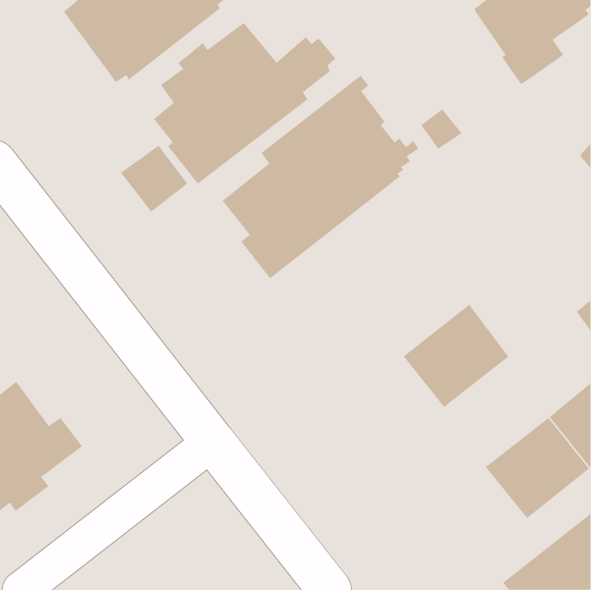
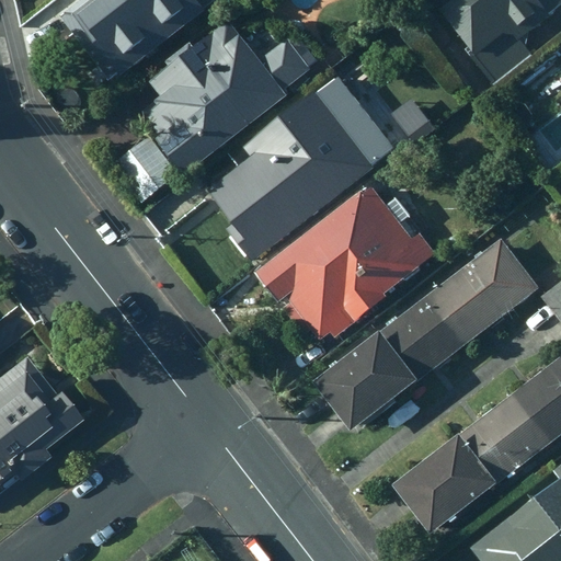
building: none -> [257,184,435,337]
building: none -> [440,237,540,334]
building: none -> [317,334,416,432]
building: none -> [396,438,494,535]

